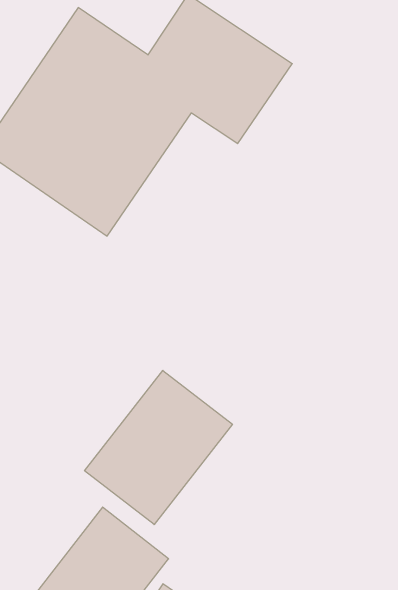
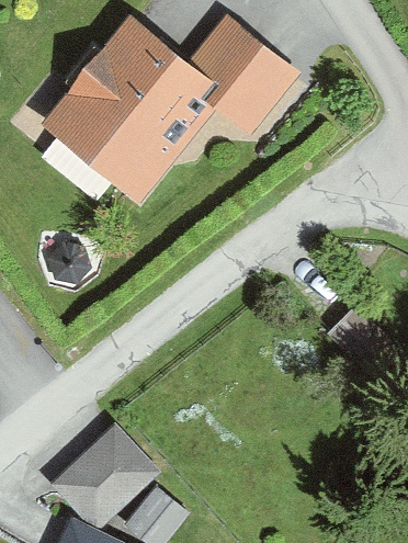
building: [85,370,232,525] -> none

